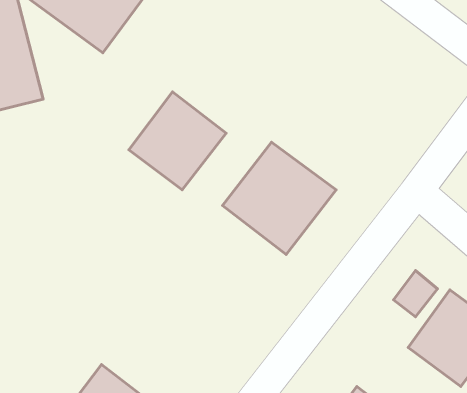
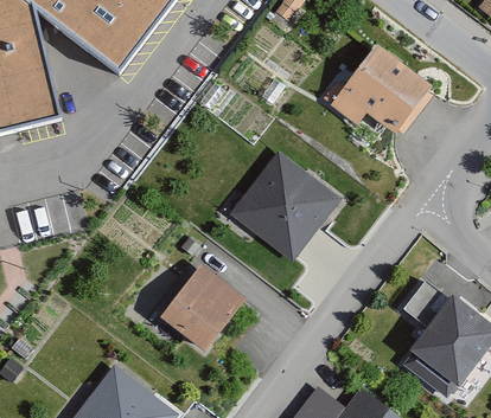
building: none -> [332,45,434,134]
building: [129,92,226,190] -> none
building: none -> [162,265,247,352]

